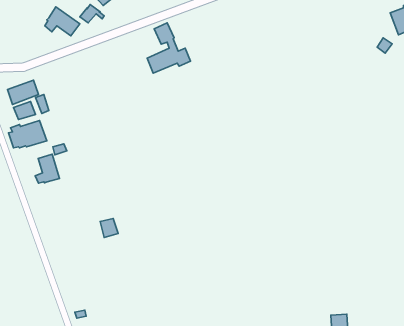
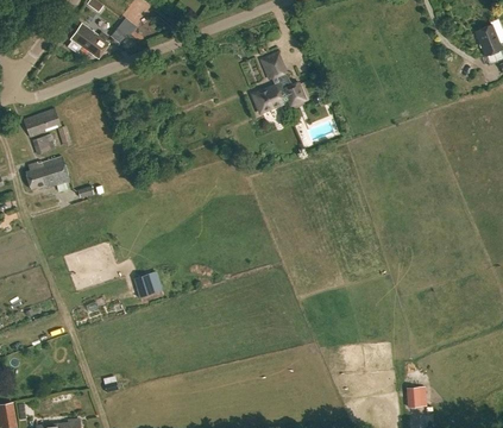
building: [147,23,190,73] -> [253,55,304,114]
building: [35,154,60,183] -> none

